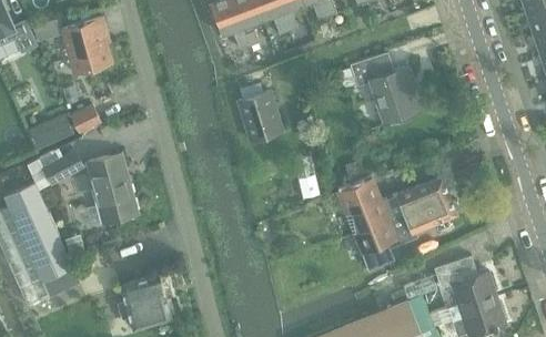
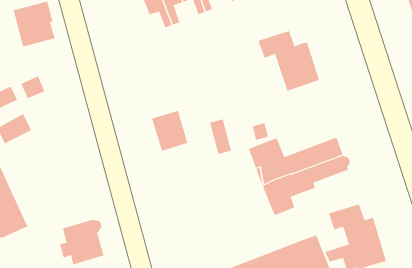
building: [240,91,283,140] -> [151,110,188,152]
building: [89,154,138,224] -> none

